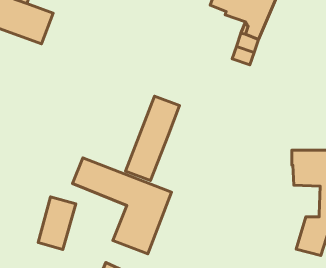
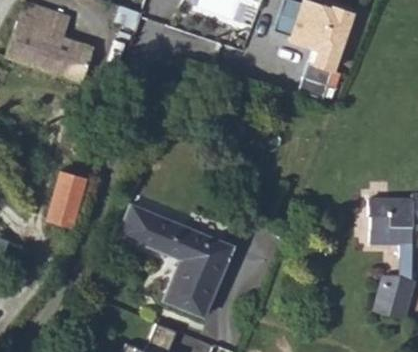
building: [125,96,180,181] -> none
building: [38,197,76,249] -> [47,169,90,229]

